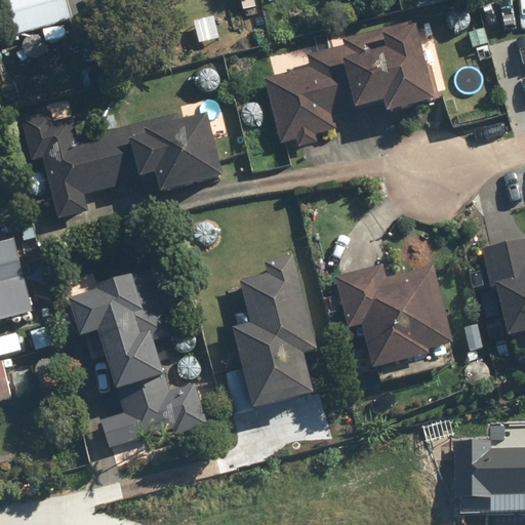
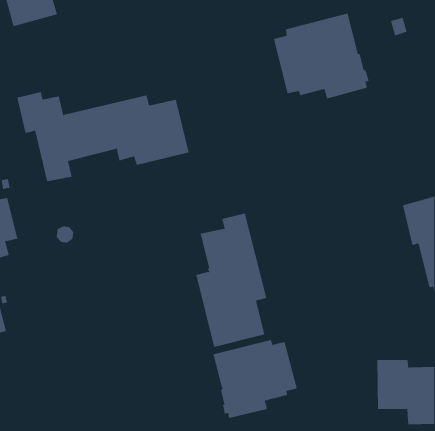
building: [261,46,341,146] -> none
building: [334,264,455,374] -> none
building: [71,266,205,445] -> none
building: none -> [213,339,297,419]

